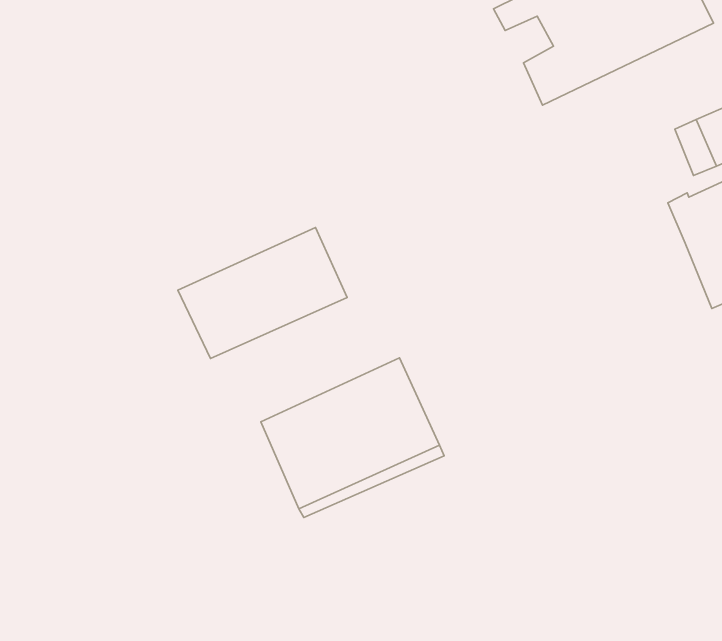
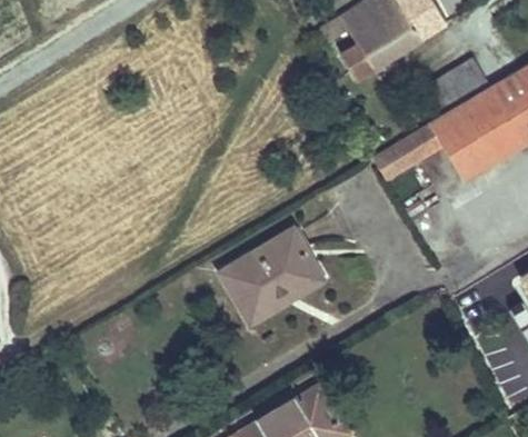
building: none -> [372,123,444,178]
building: [178,228,347,358] -> none

